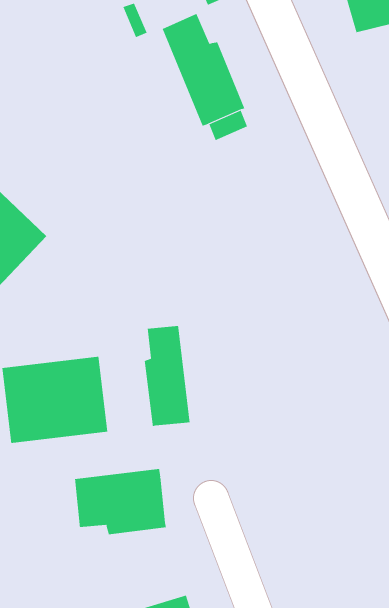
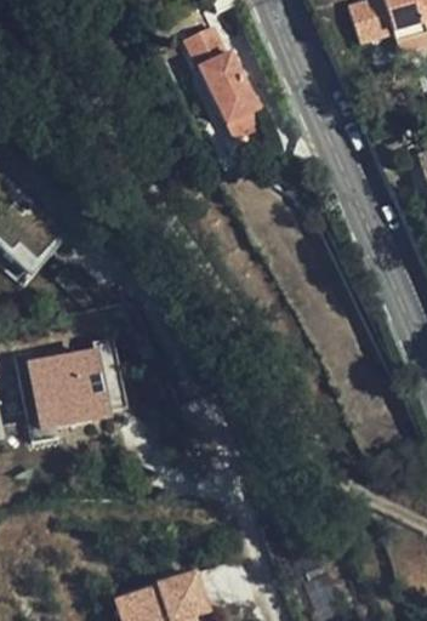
building: [144,325,190,427] -> none
building: [74,468,166,535] -> none

